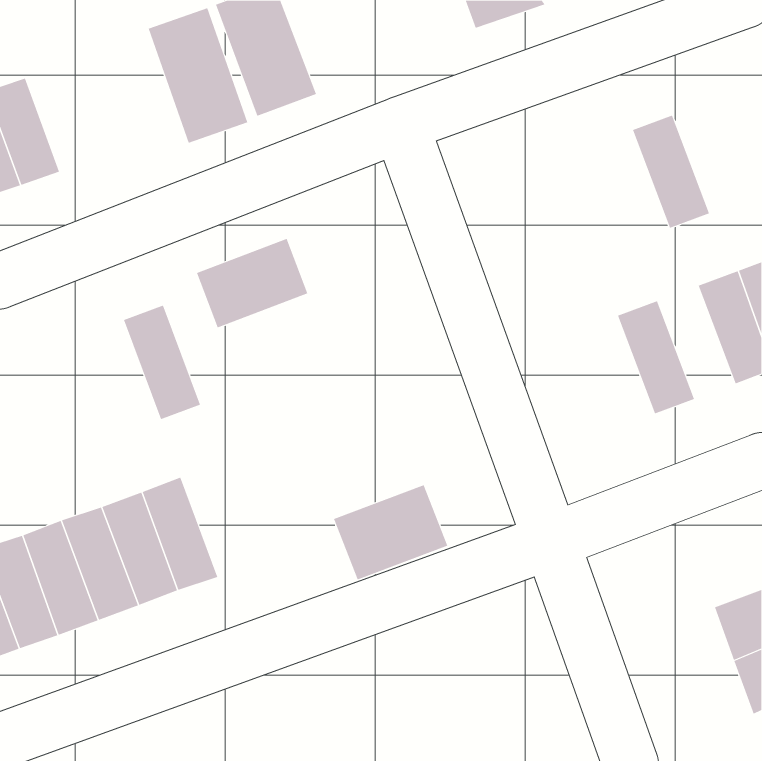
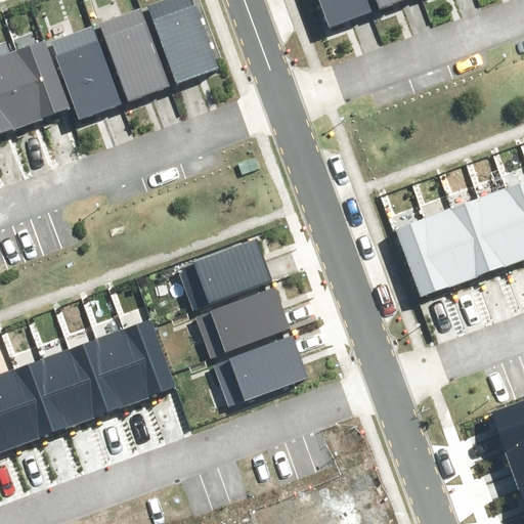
building: none -> [51,25,121,117]
building: none -> [17,46,68,120]
building: [632,115,710,229] -> [450,198,504,275]
building: [196,238,308,328] -> [194,239,271,301]
building: [123,305,201,420] -> [124,318,177,397]
building: none -> [395,218,448,296]
building: none -> [210,286,290,352]

